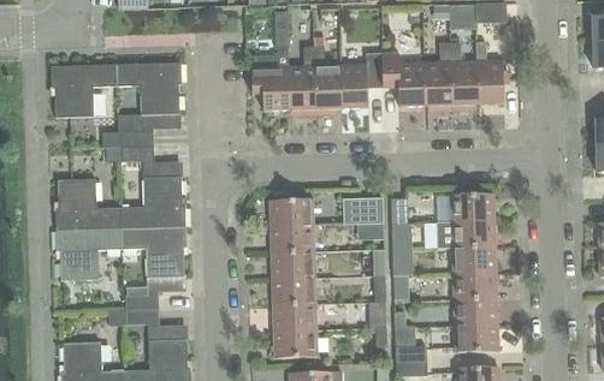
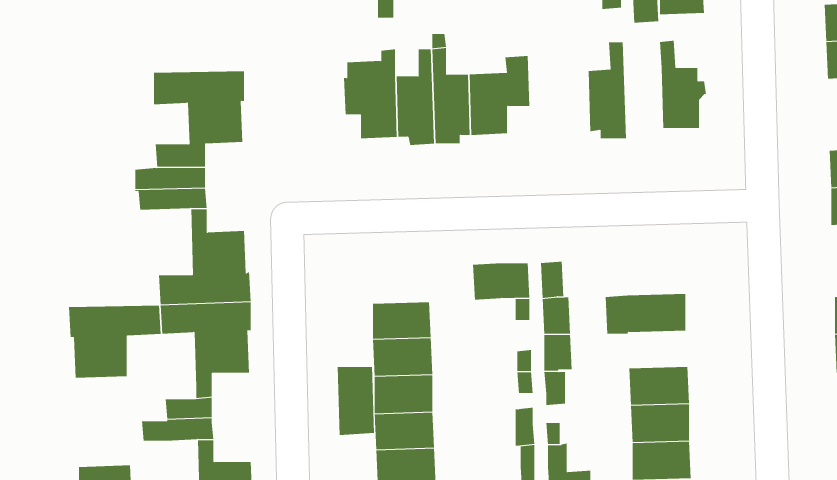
building: [449,42,476,111] -> none
building: [381,52,425,106] -> none
building: [51,64,116,117] -> none
building: [55,178,120,230] -> none
building: [450,194,493,221] -> none
building: [270,198,312,227] -> none
building: [452,246,495,273] -> none
building: none -> [337,366,374,436]

